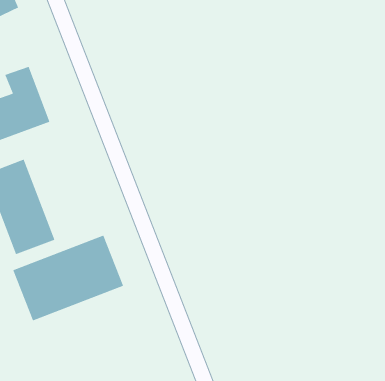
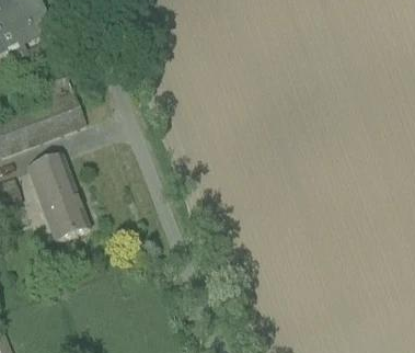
building: [12,235,124,322] -> none

